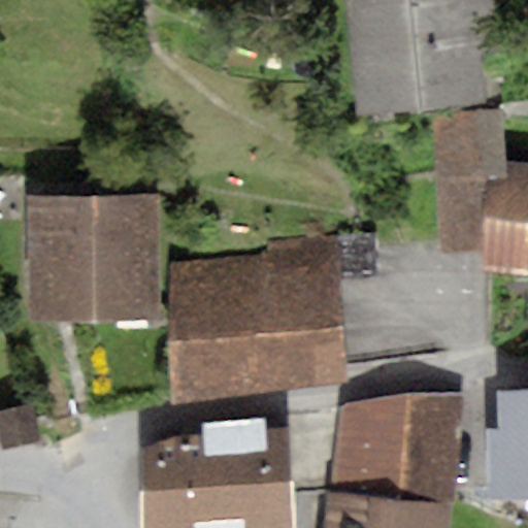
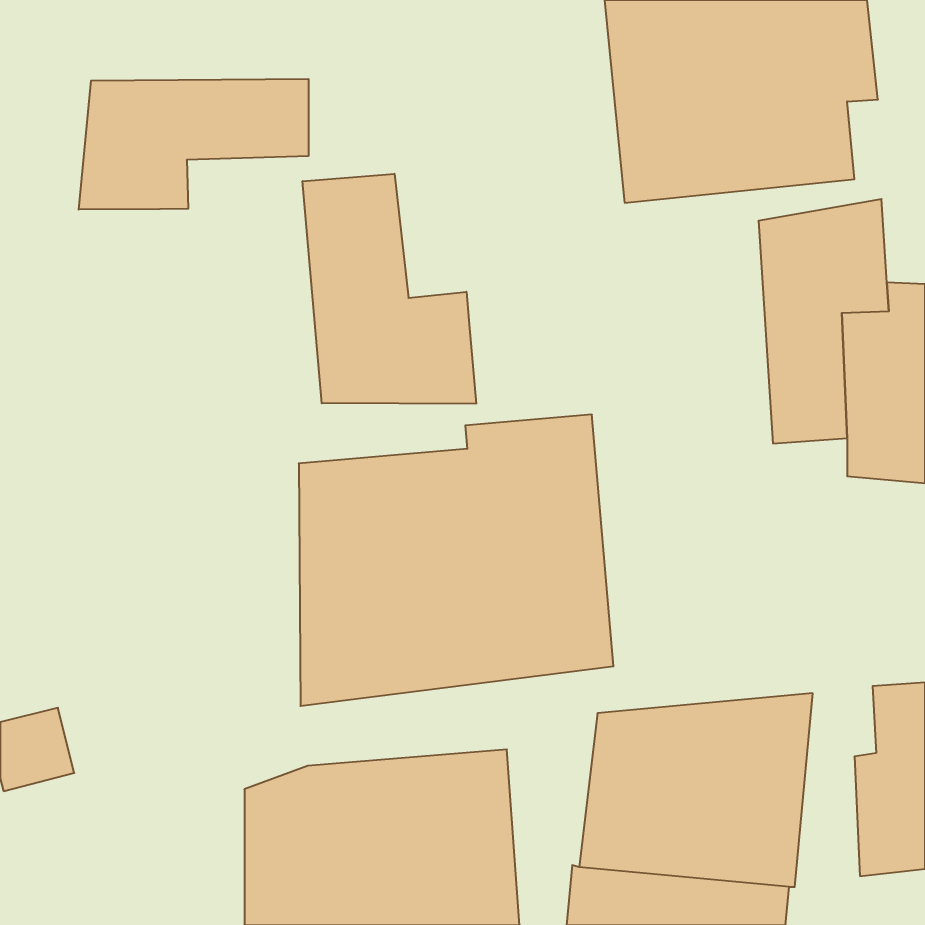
building: none -> [79,79,308,210]
building: none -> [303,174,476,404]
building: [28,194,158,321] -> none

